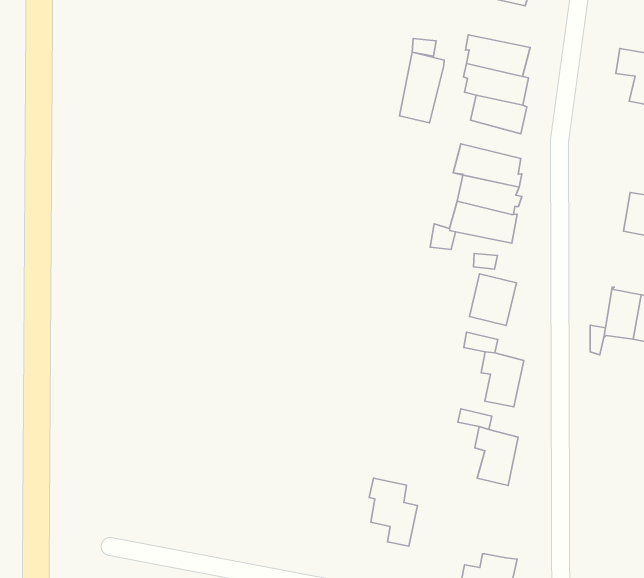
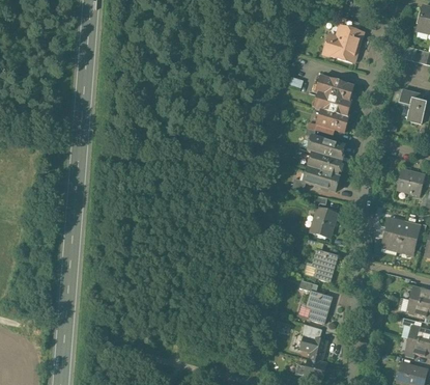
building: [399,52,444,123] -> none
building: [369,478,417,546] -> [300,324,326,362]

